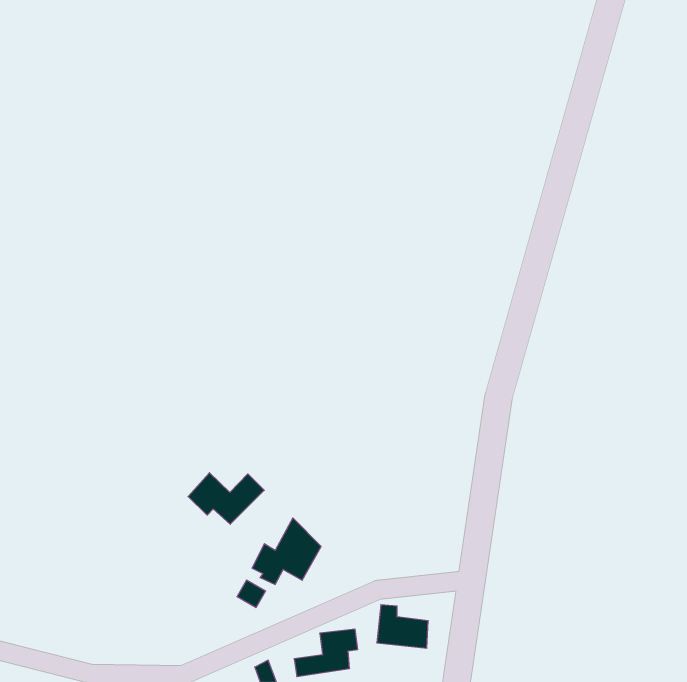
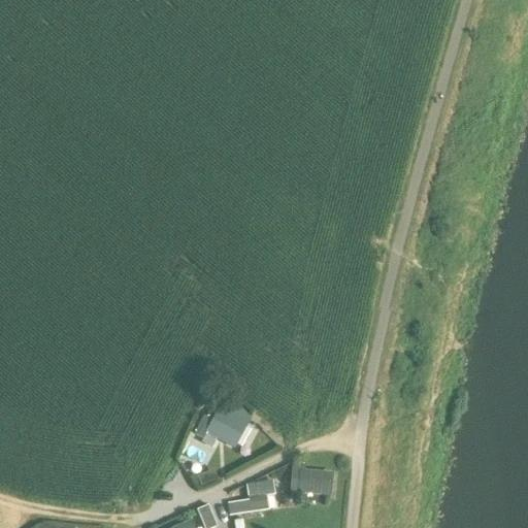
building: [188,473,264,524] -> none

